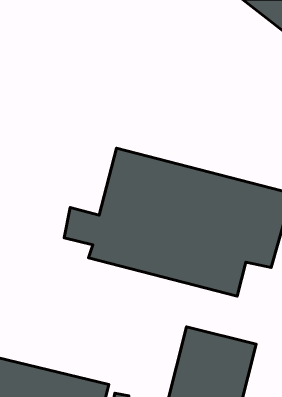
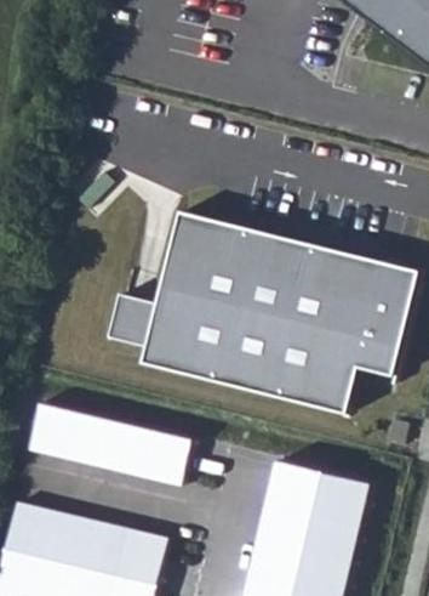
building: none -> [24,393,193,486]

